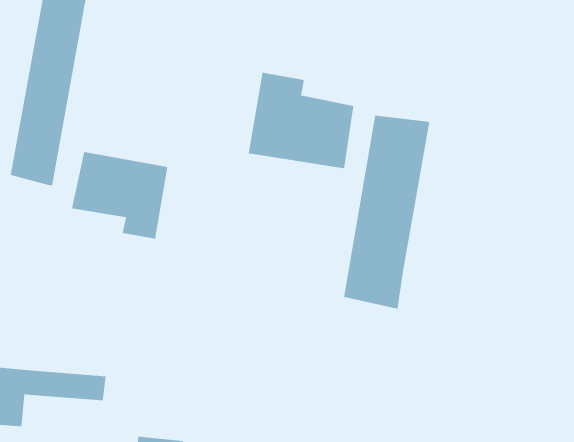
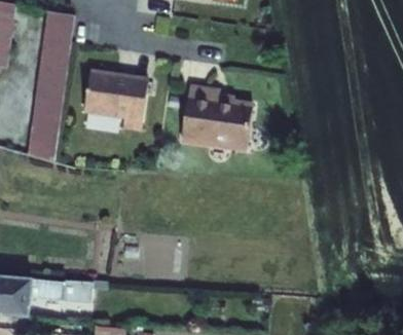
building: [343,115,430,310] -> none
building: [71,152,168,239] -> [81,64,146,122]

